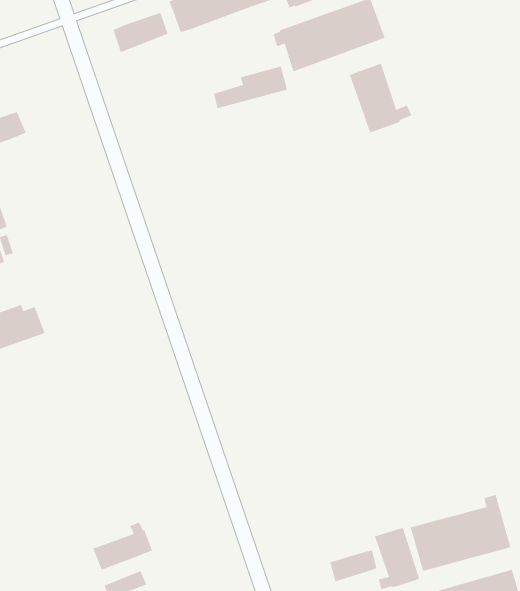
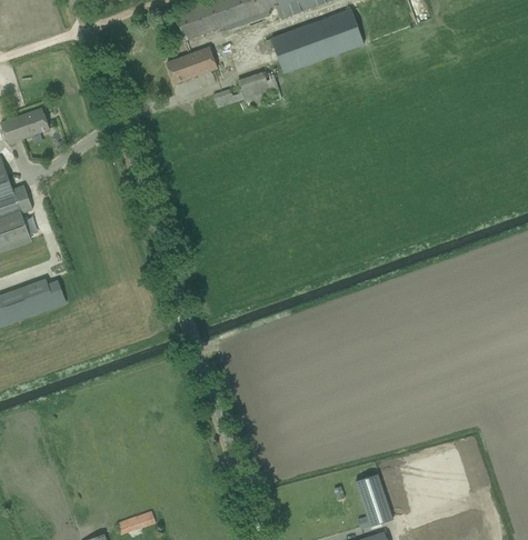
building: [113,12,169,53] -> [167,48,216,83]
building: [349,63,412,133] -> none
building: [93,522,153,571] -> none
building: [329,549,377,582] -> none

